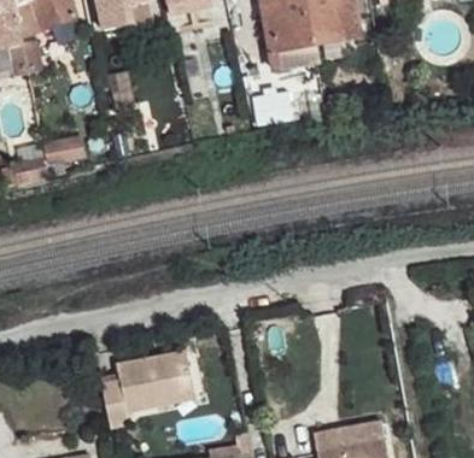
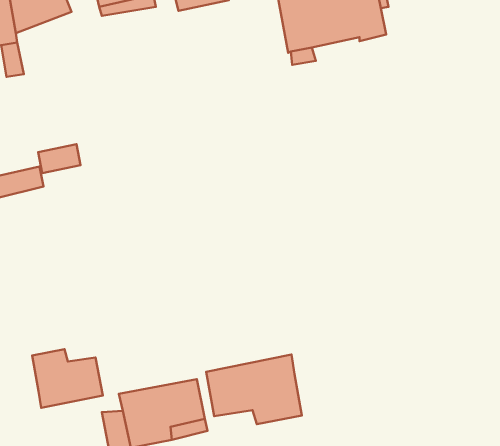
building: none -> [32,349,103,408]
building: none -> [206,355,302,424]

